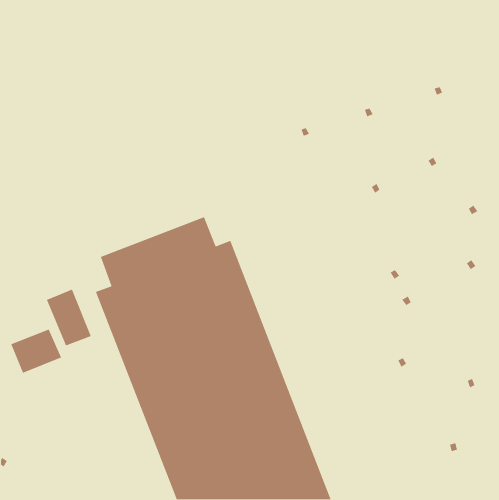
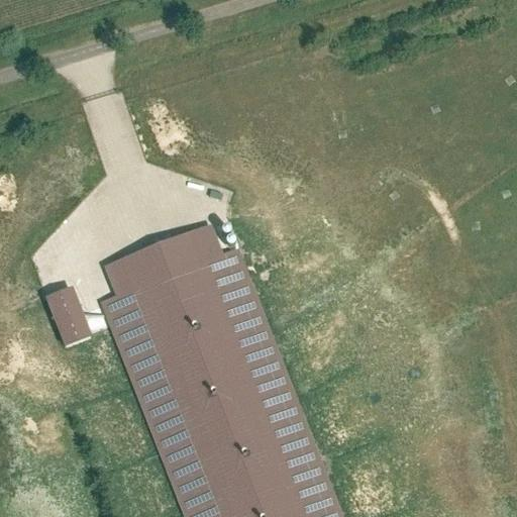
building: [10,328,62,374] -> none

